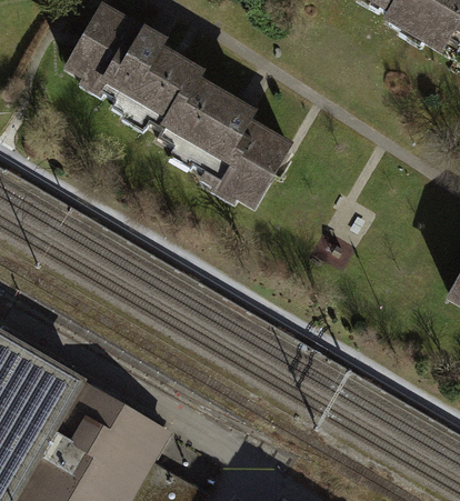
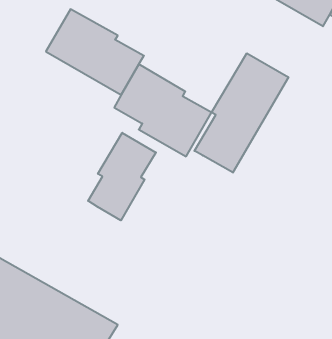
building: none -> [194,53,288,173]
building: none -> [88,133,156,220]

